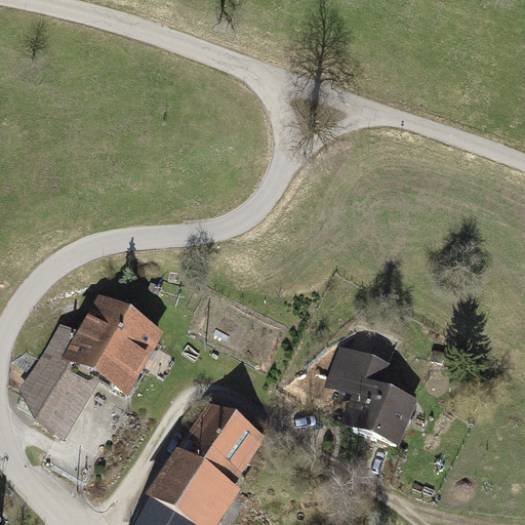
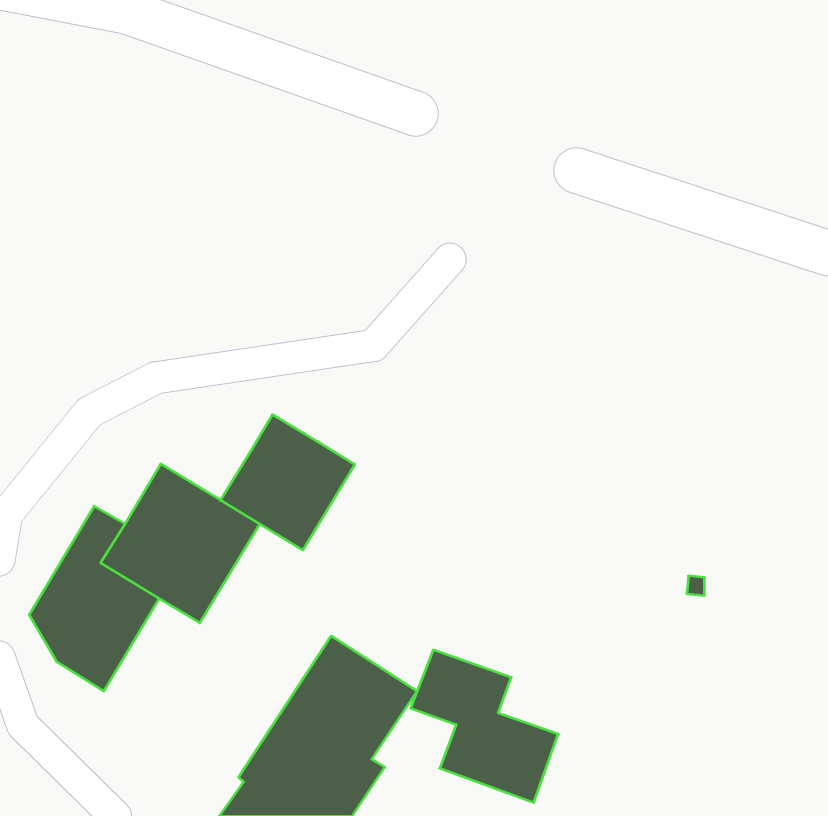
building: none -> [220,415,355,550]
building: [325,346,418,442] -> [411,650,558,802]

